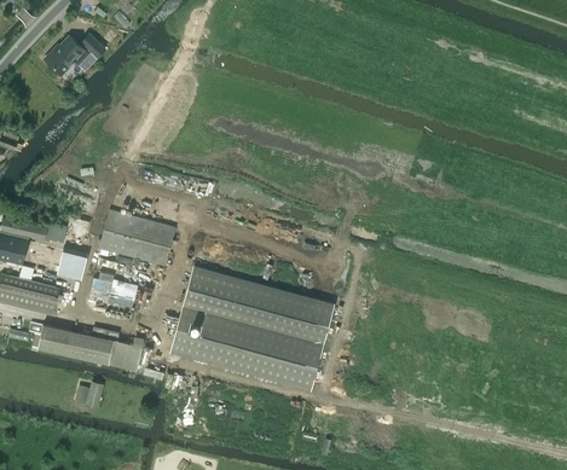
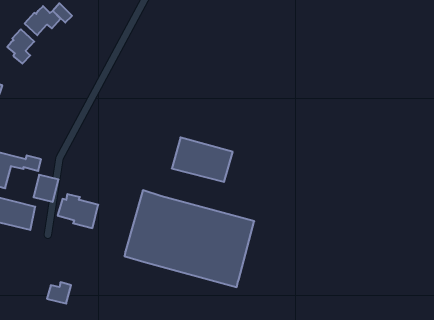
building: none -> [7,29,34,64]
building: [99,210,175,266] -> [172,137,233,182]
building: [29,323,143,371] -> none

